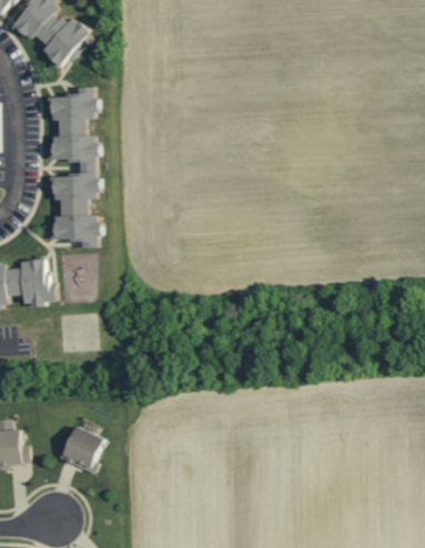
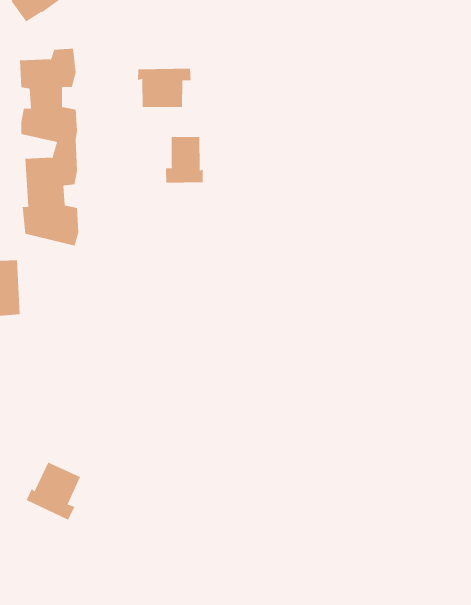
building: none -> [138,68,191,108]
building: none -> [165,136,203,183]

